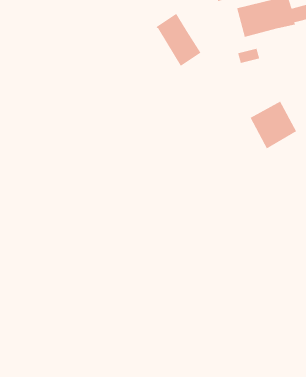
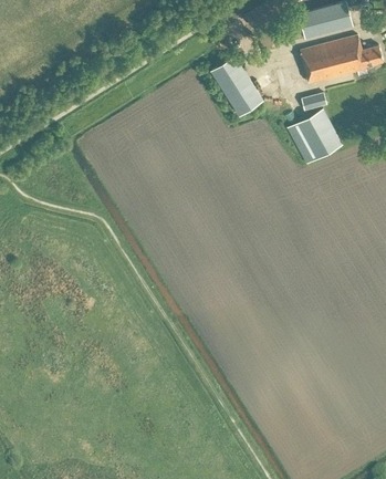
building: [250,100,297,149] -> [289,111,342,165]

